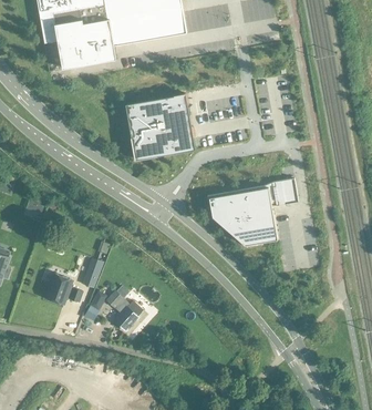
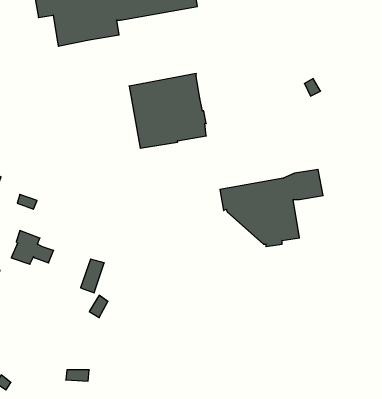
building: [46,274,84,304] -> [11,231,54,264]
building: [107,291,144,331] -> none

